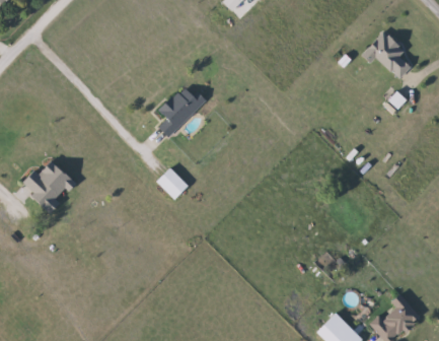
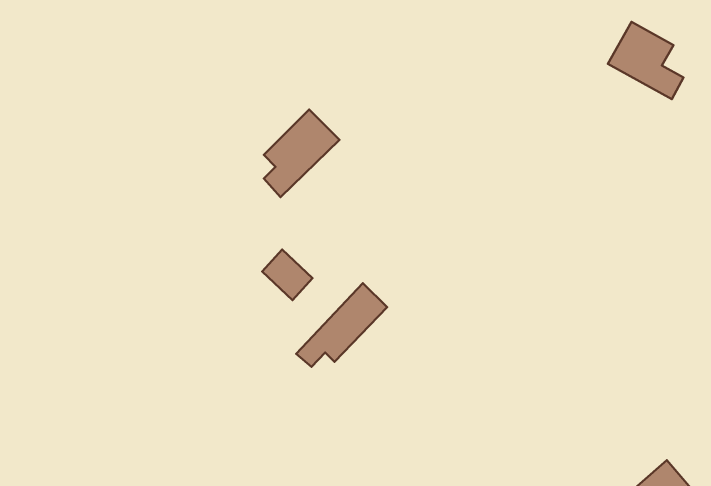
building: [23,160,77,210] -> none
building: none -> [296,283,387,367]

